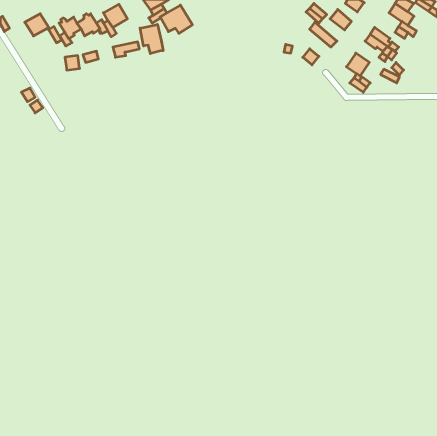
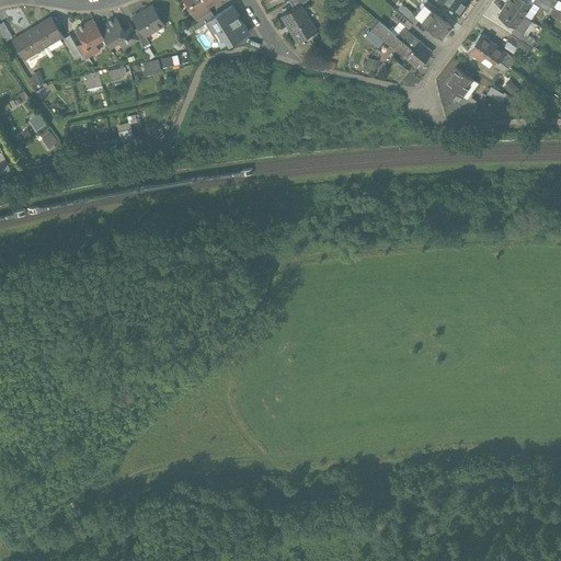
building: none -> [280,4,316,43]
building: none -> [365,21,424,69]
building: none -> [13,28,43,58]
building: [140,24,163,54] -> none

